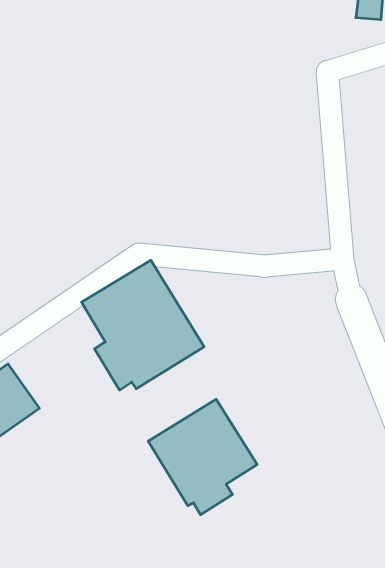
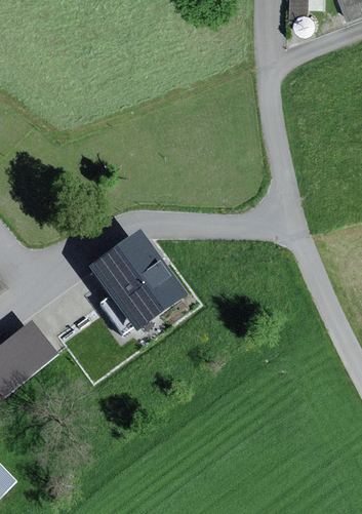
building: [148,399,257,515] -> none

